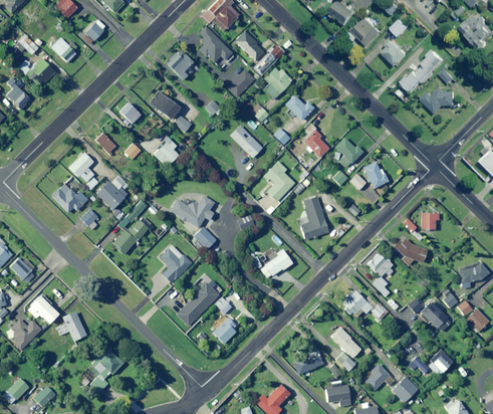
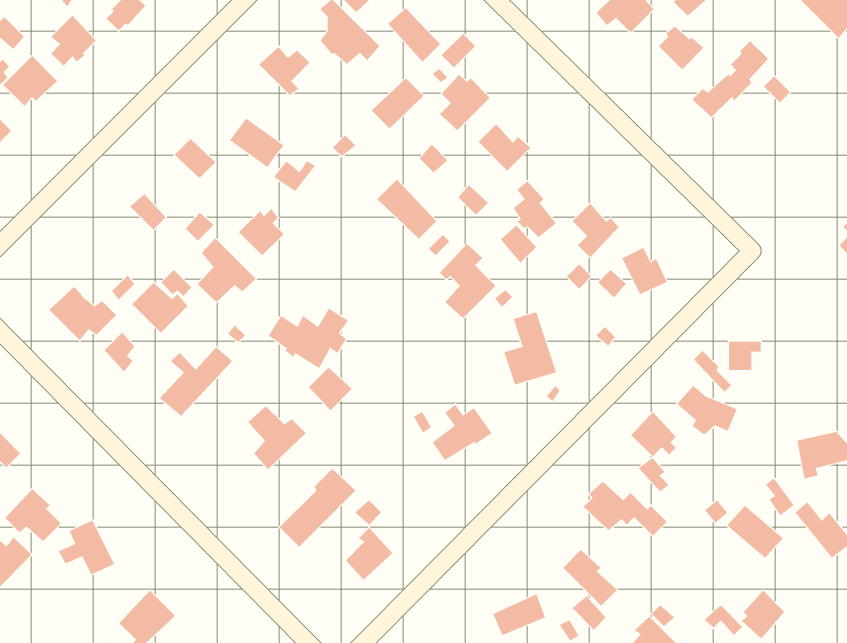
building: [422,90,455,113] -> none
building: [68,152,93,182] -> none
building: none -> [197,238,256,303]

